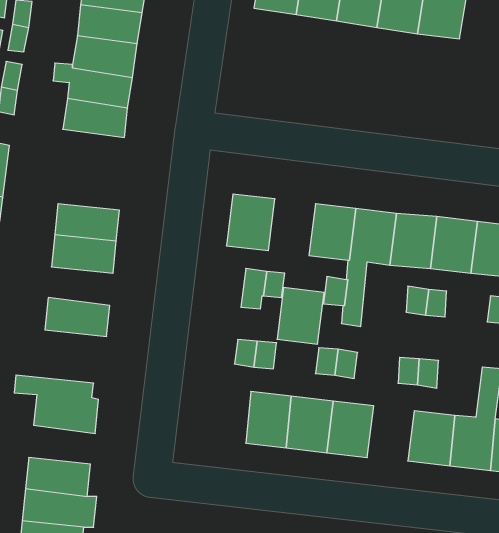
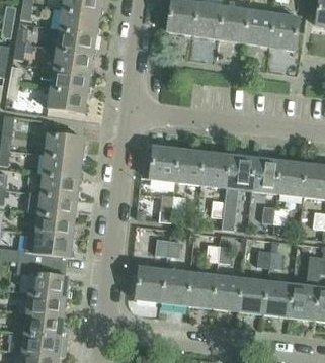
building: none -> [39,118,85,157]
building: none -> [37,192,78,216]
building: [277,288,324,344] -> [175,150,205,185]
building: none -> [17,231,74,265]
building: none -> [135,268,164,302]
building: none -> [237,279,266,313]
building: none -> [25,291,67,315]

